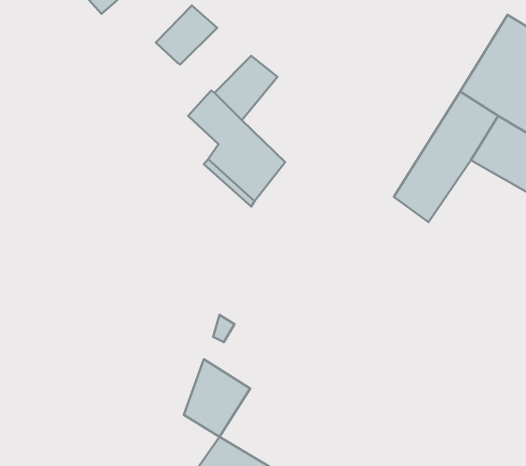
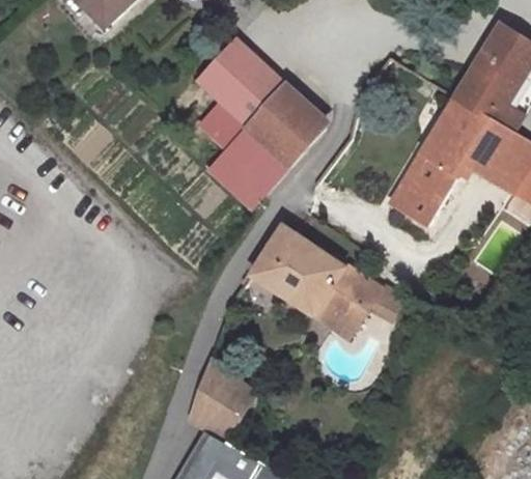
building: [156,6,217,65] -> [193,41,253,100]
building: none -> [244,84,325,168]
building: none -> [247,225,396,337]

